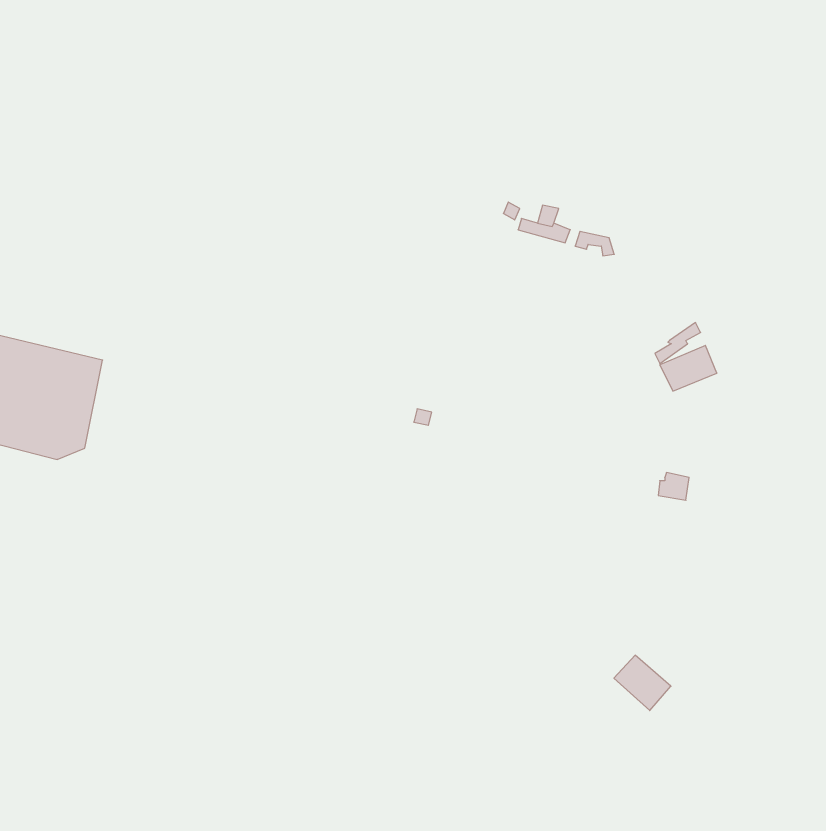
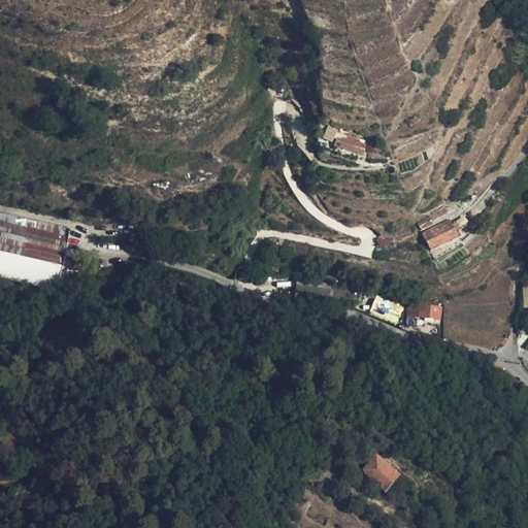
building: [614,655,671,711] -> [364,456,400,491]

